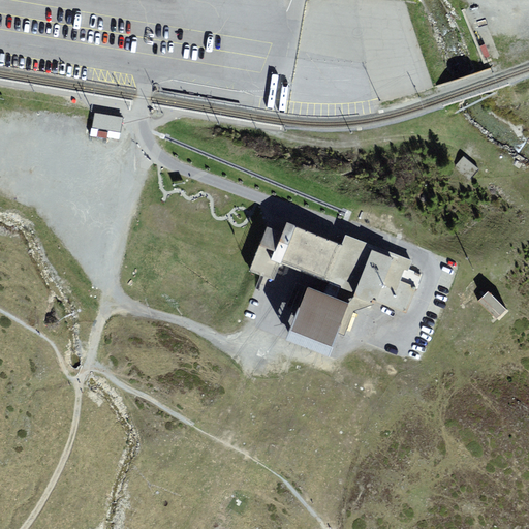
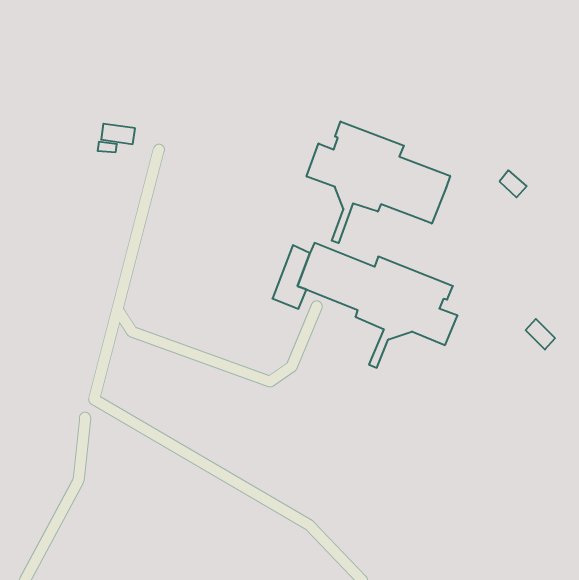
building: none -> [307,121,450,243]
building: [285,282,349,350] -> none

